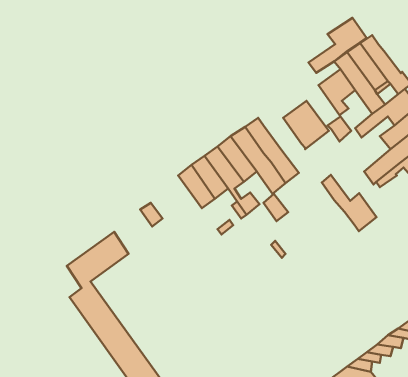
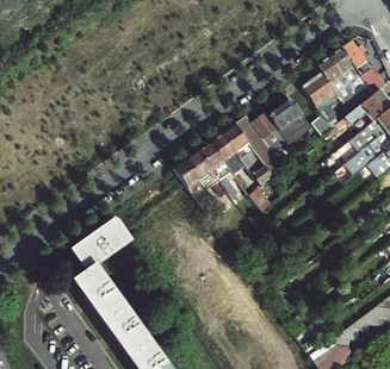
building: [308,18,367,73] -> none
building: none -> [252,112,290,148]
building: [322,175,377,231] -> none

